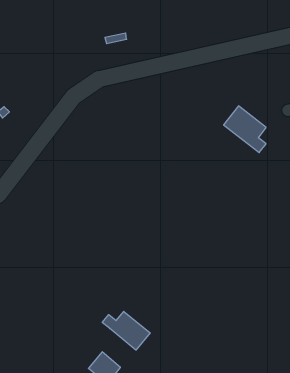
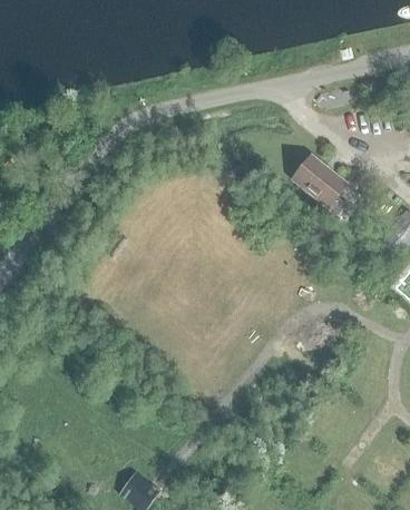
building: [102,311,150,350] -> none

